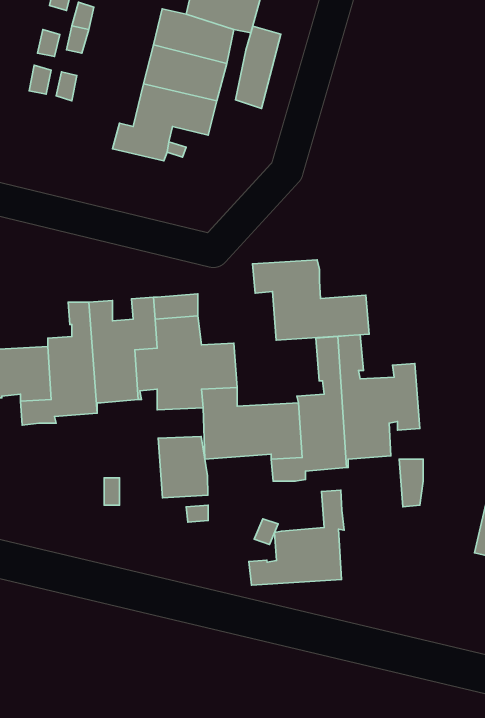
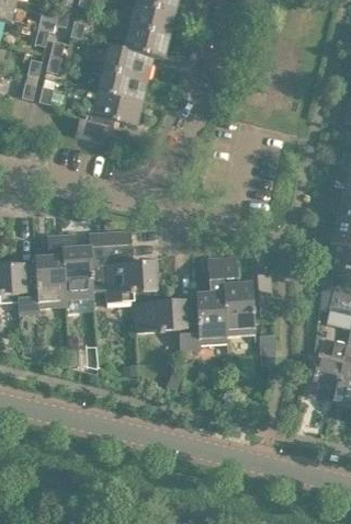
building: [236,26,281,109] -> none
building: [252,260,369,340] -> none
building: [158,437,208,498] -> none
building: [249,490,344,585] -> none

